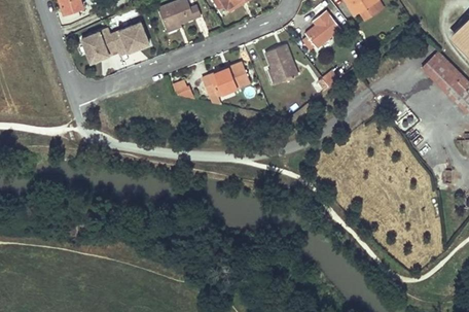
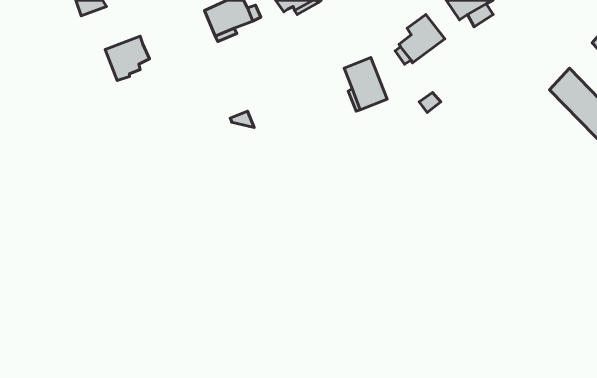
building: [110,22,148,51] -> none
building: [202,62,250,96] -> none

